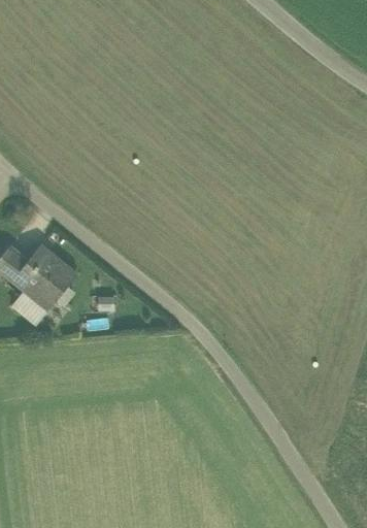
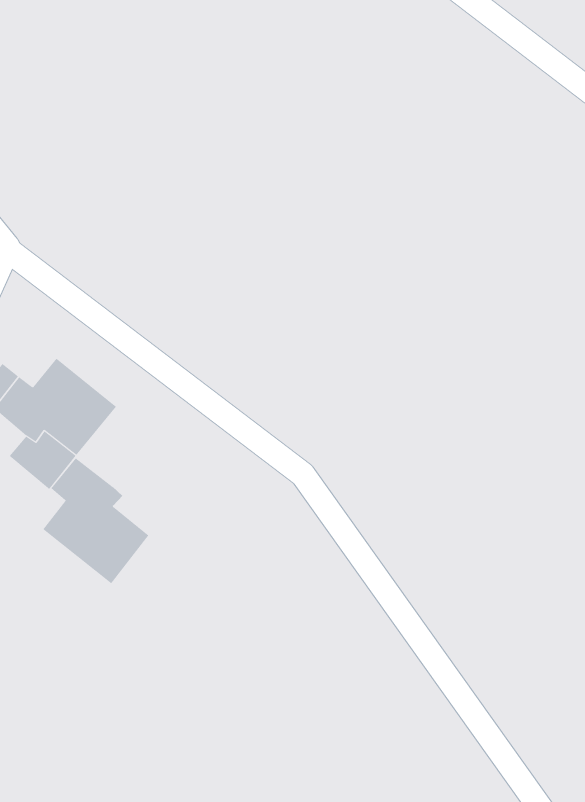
building: none -> [43,458,149,584]

